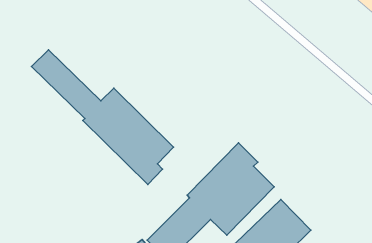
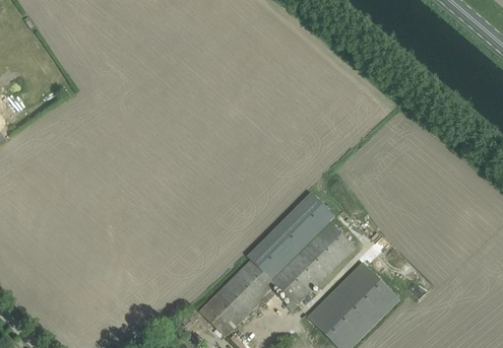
building: [31,50,174,185] -> none

